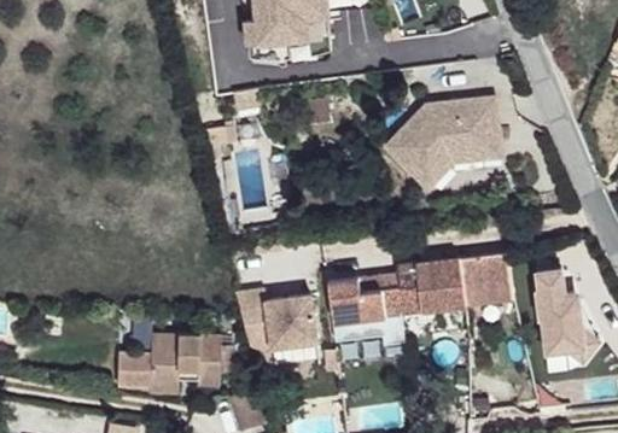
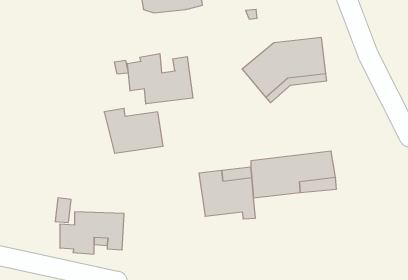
building: none -> [128,54,193,104]
building: [536,269,599,363] -> none
building: [235,288,316,350] -> [104,108,163,153]

